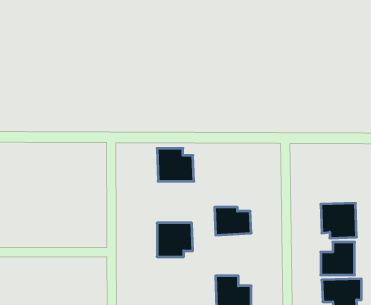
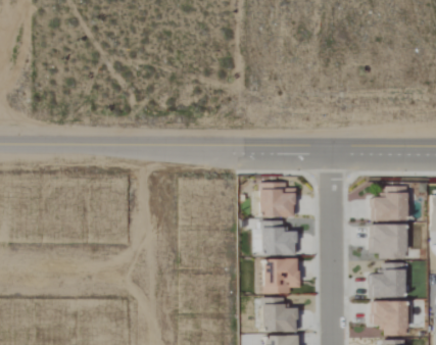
building: [157,148,194,181] -> [258,183,296,216]
building: none -> [372,187,406,220]
building: [157,223,193,257] -> [263,259,300,294]

